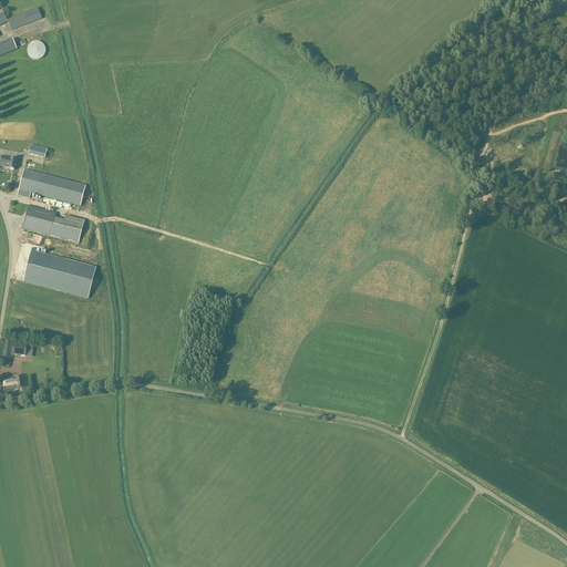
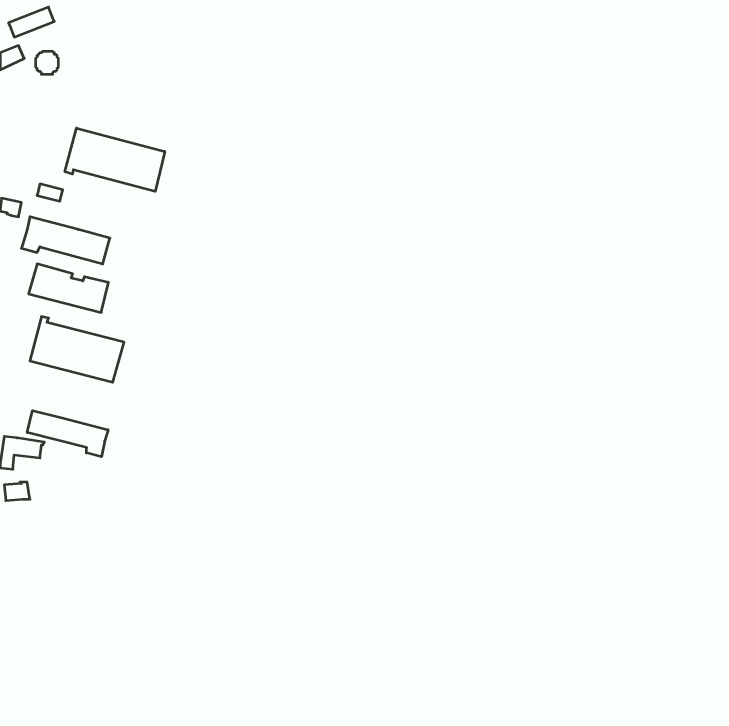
building: none -> [65,128,165,191]
building: none -> [27,411,108,457]

